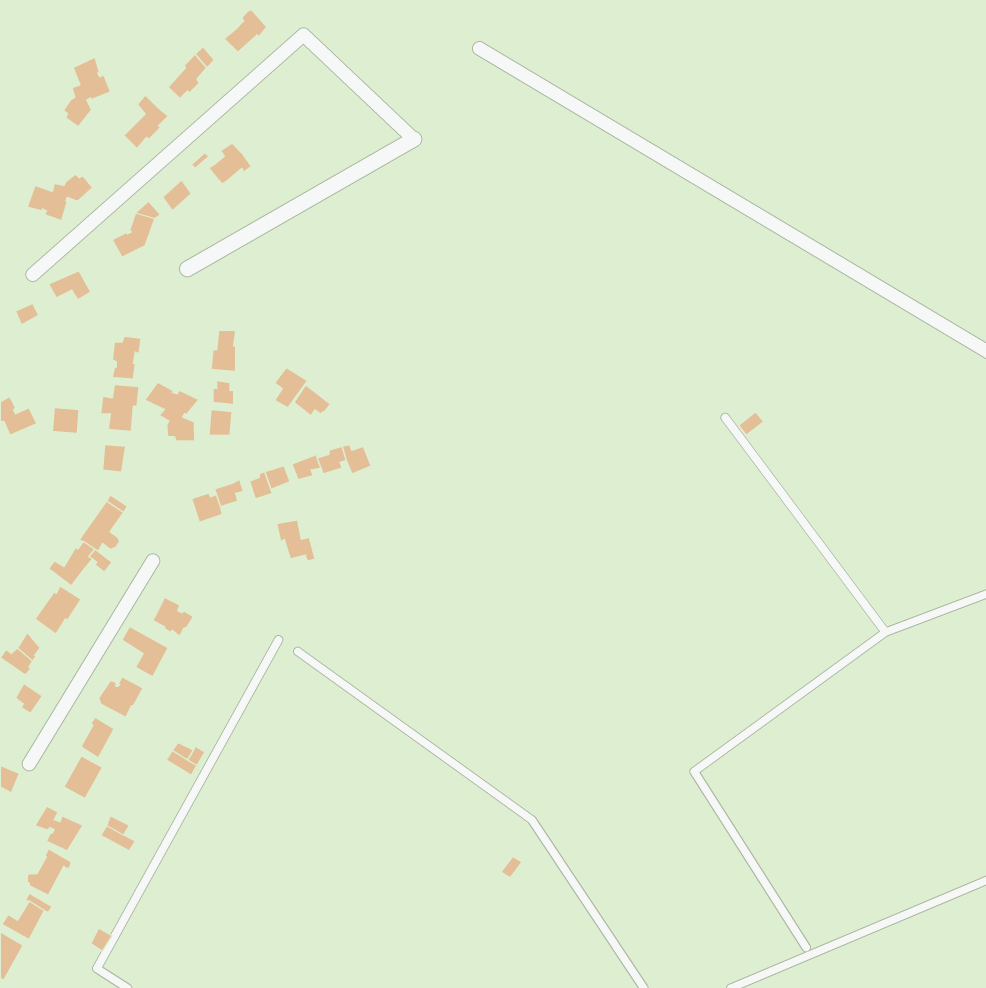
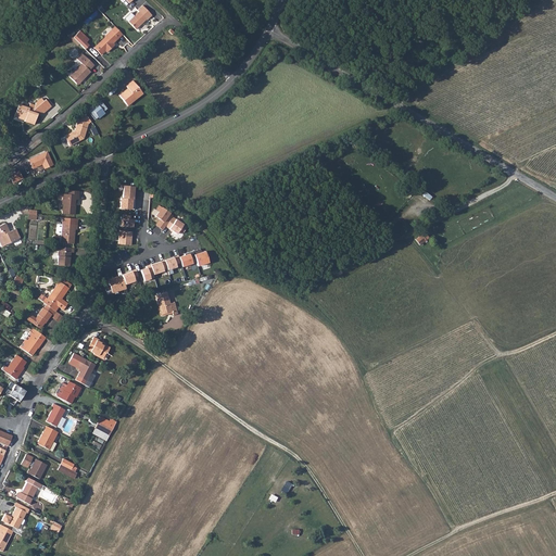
building: [63,57,110,127] -> none
building: [145,382,199,441] -> none

